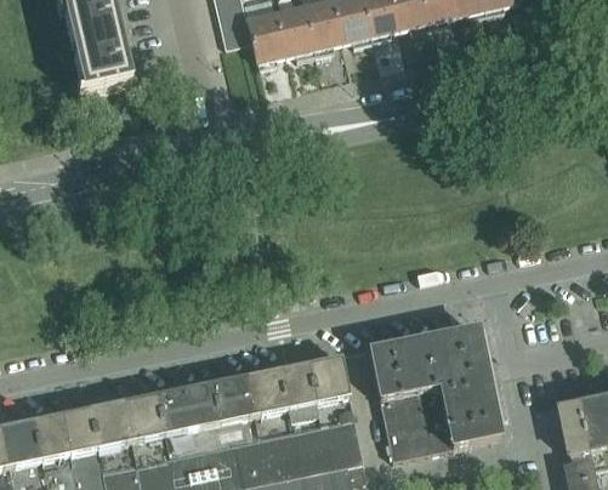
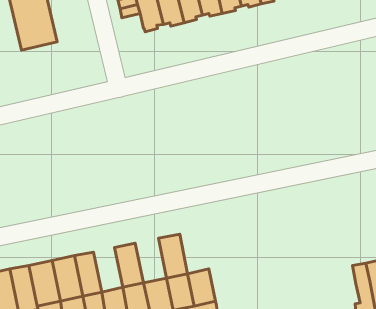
building: [370,329,500,457] -> none
building: [311,357,353,421] -> none
building: [245,369,291,434] -> none
building: [184,382,227,448] -> none

